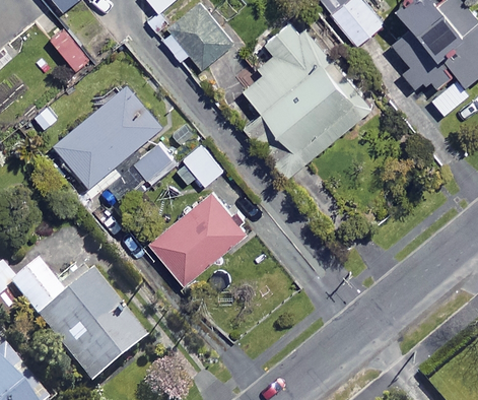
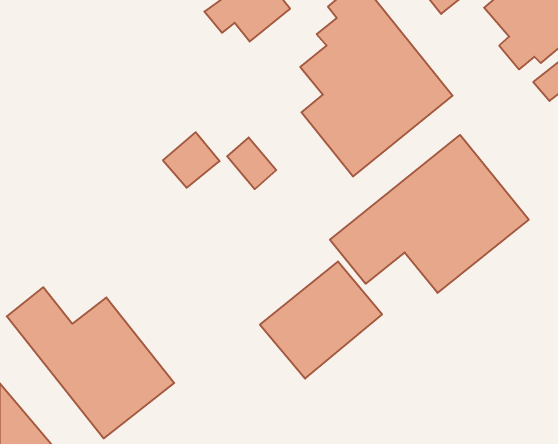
building: [55,85,162,188] -> none
building: none -> [330,135,529,293]
building: [147,192,246,286] -> [260,261,382,379]

